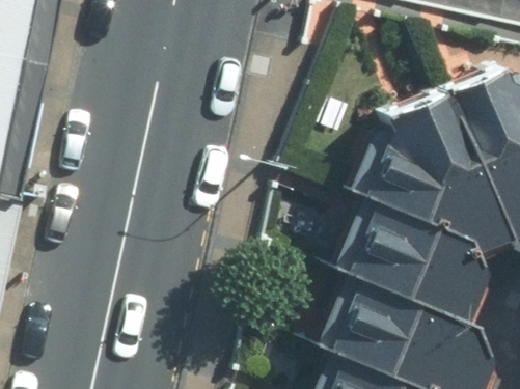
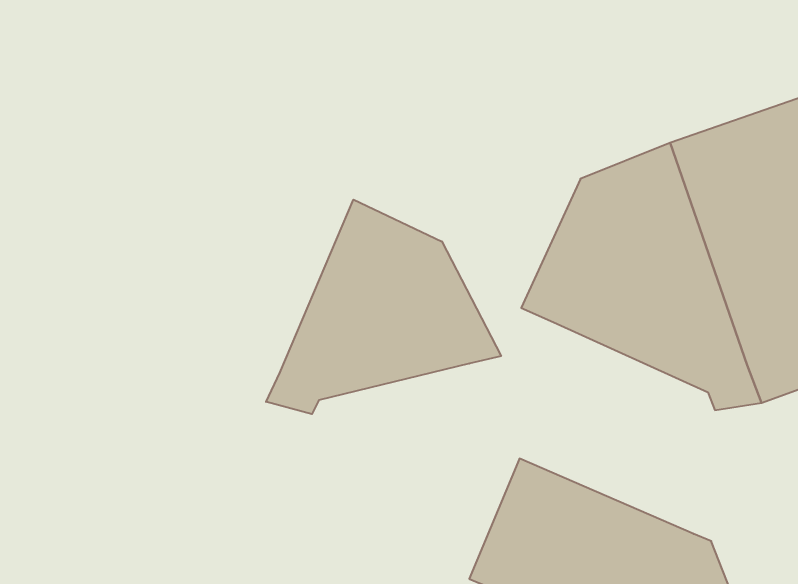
building: none -> [266,200,501,414]
building: [325,206,458,329] -> none

